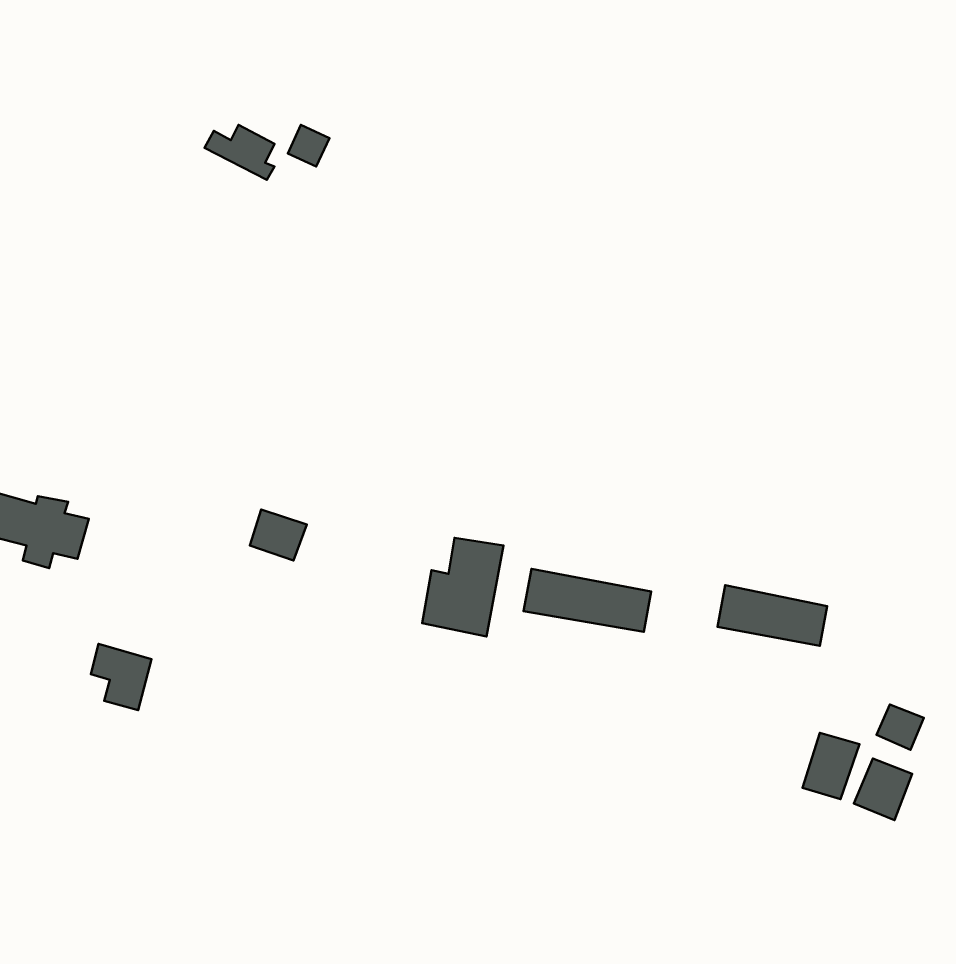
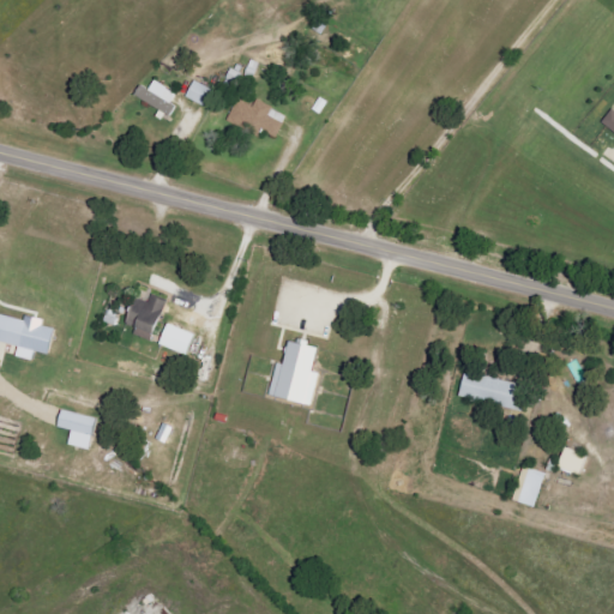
building: none -> [224,98,284,140]
building: none -> [125,290,167,339]
building: [524,569,651,632] -> none
building: [854,758,912,820] -> none

